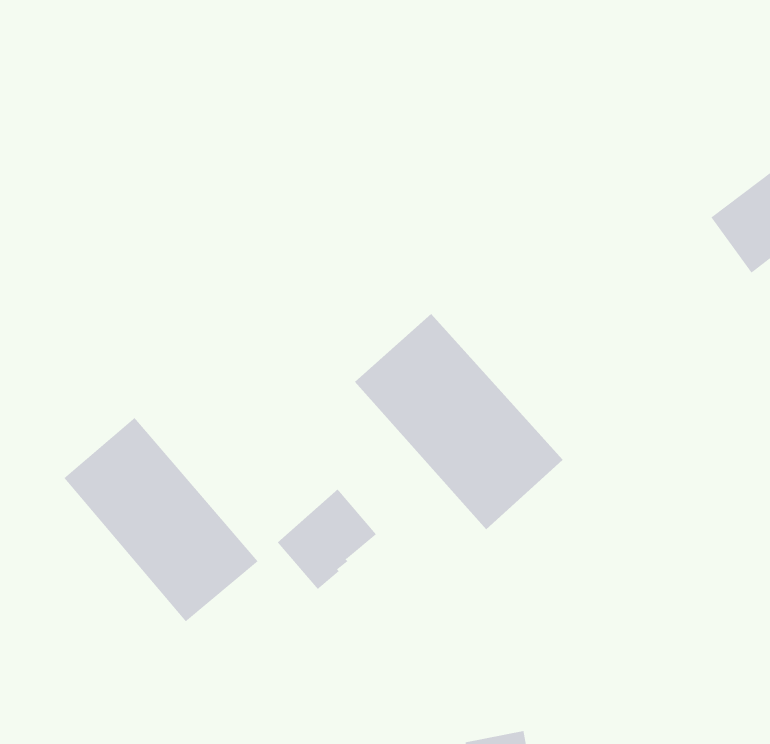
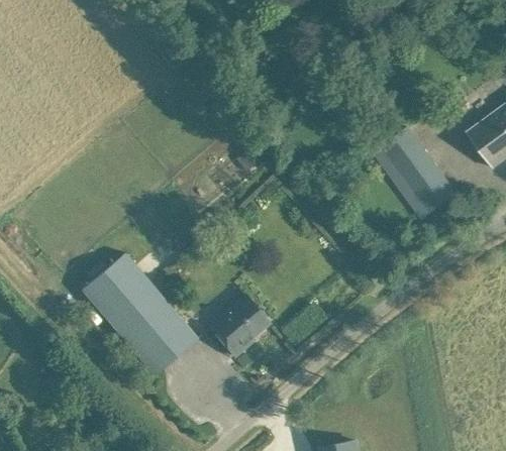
building: none -> [370,117,457,221]
building: [354,313,563,530] -> none

